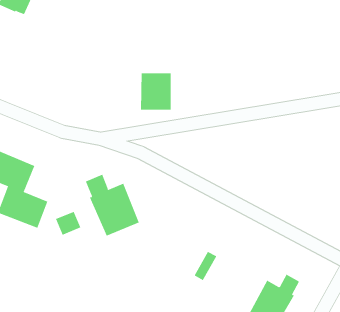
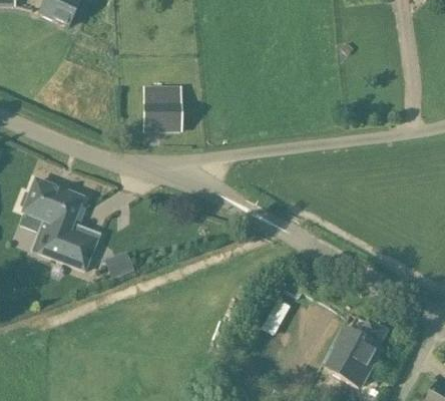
building: [140,73,171,110] -> [141,89,177,132]
building: [85,174,139,236] -> none

